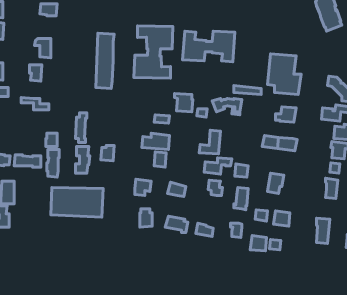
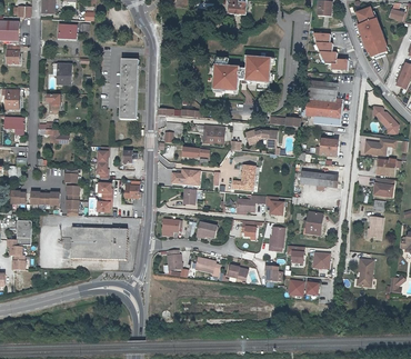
building: none -> [313,33,348,70]
building: [134,26,173,78] -> none

